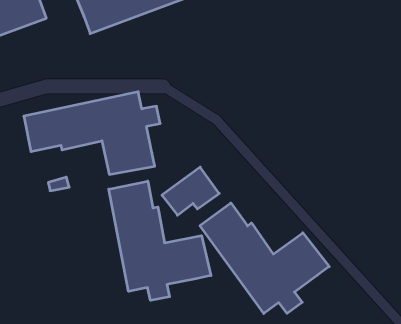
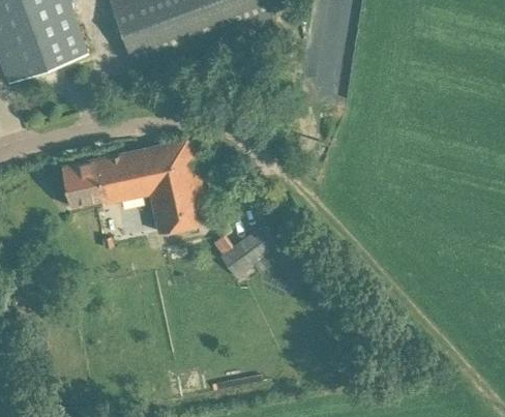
building: [109,181,211,300] -> none
building: [200,203,329,314] -> none

